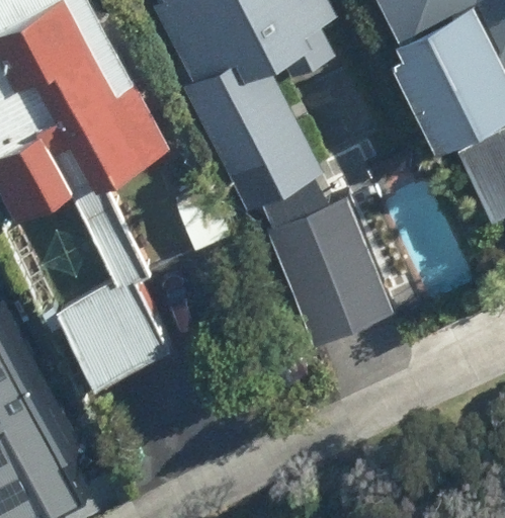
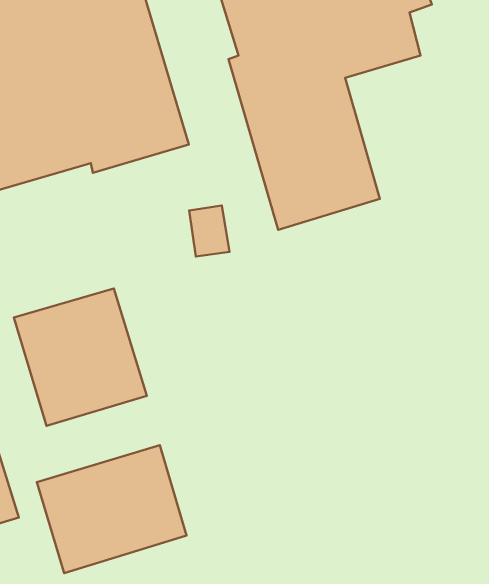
building: [262,188,391,345] -> none
building: none -> [37,445,186,573]

